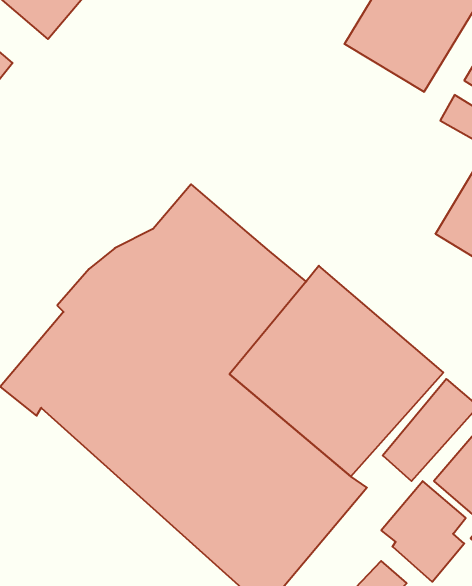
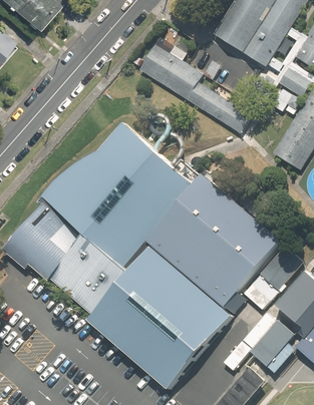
building: none -> [137,43,261,135]

